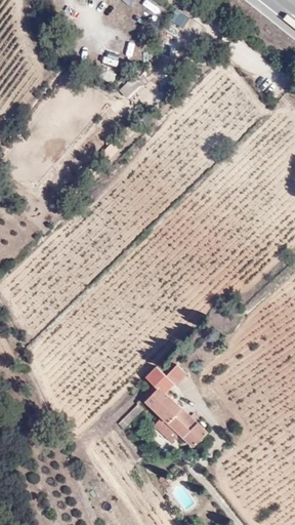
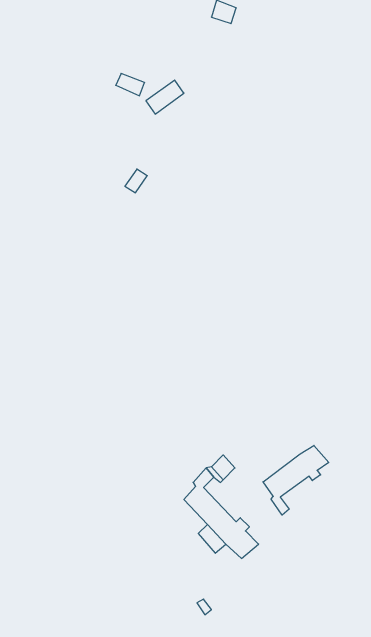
building: none -> [263,445,329,515]

